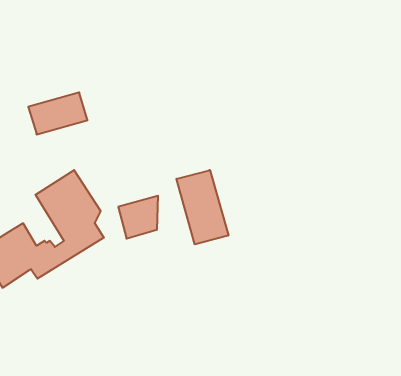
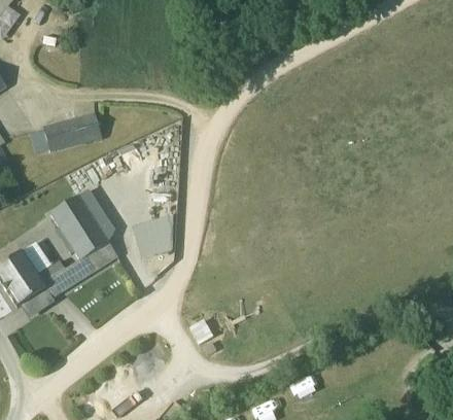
building: [176,170,228,244] -> none

